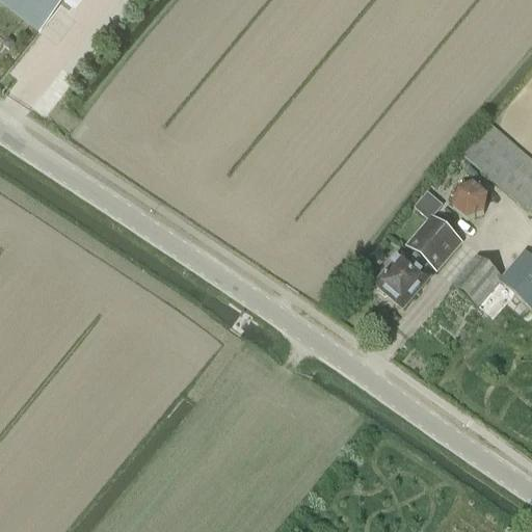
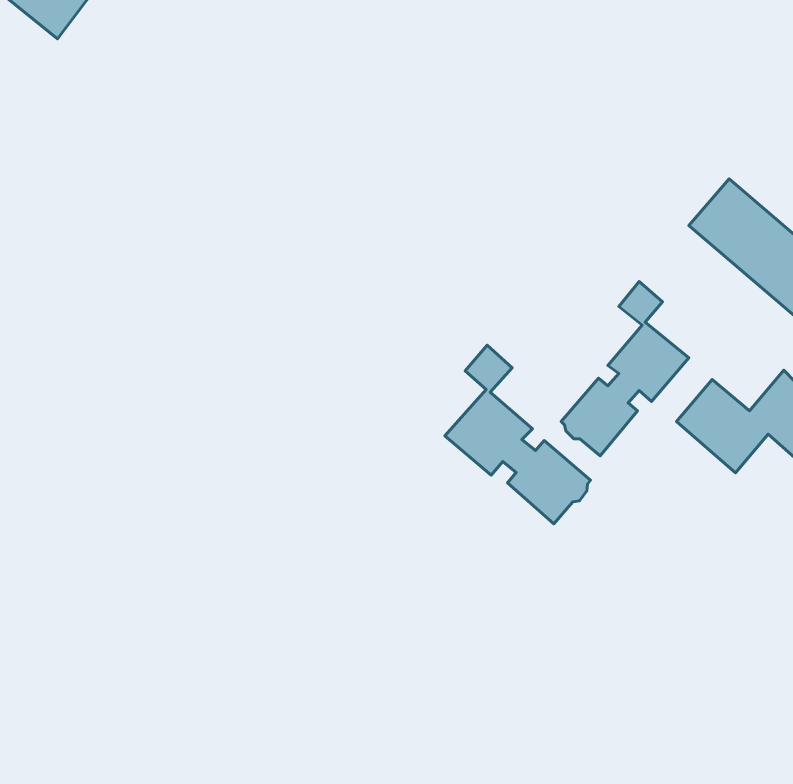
building: [454,180,488,216] -> none
building: none -> [445,345,590,524]

